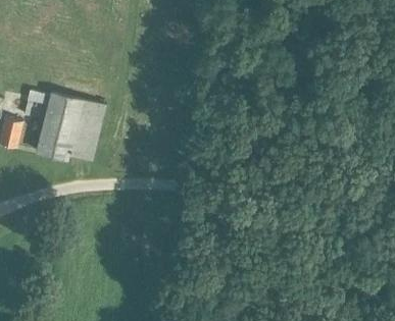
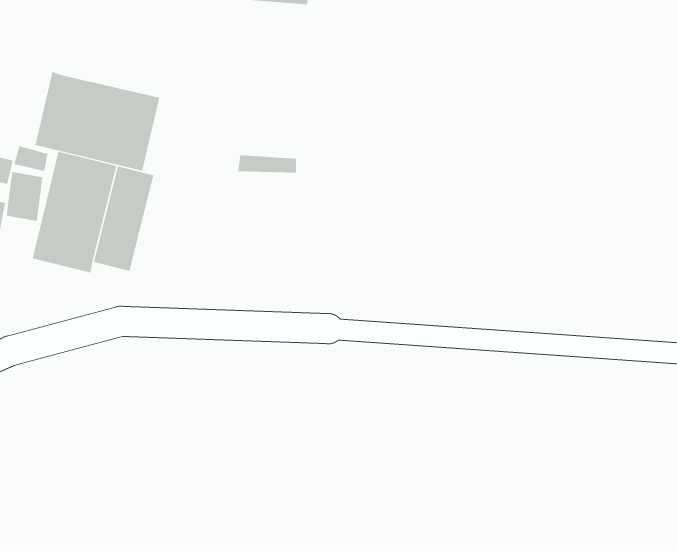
building: none -> [35,71,160,172]

